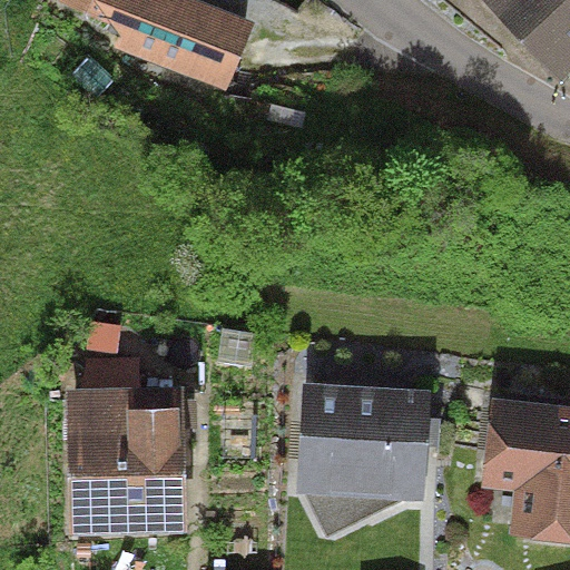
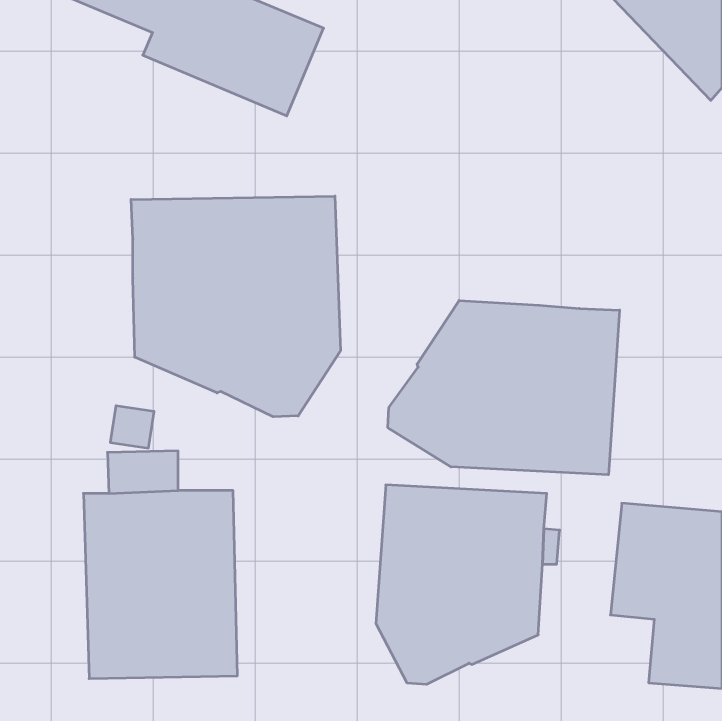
building: none -> [131,196,340,417]
building: none -> [388,300,620,475]

